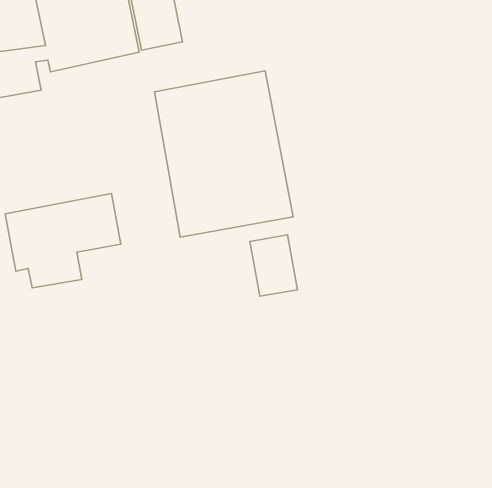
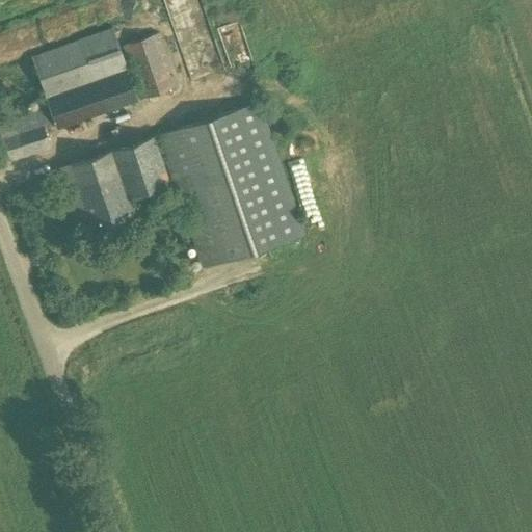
building: [5,193,121,288] -> [58,137,171,237]
building: [250,235,297,296] -> none

